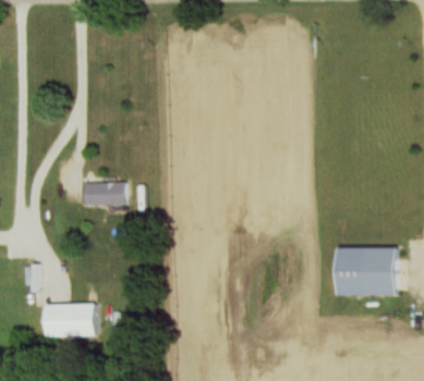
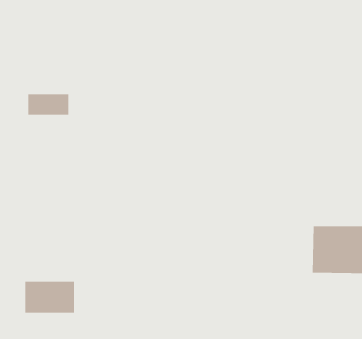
building: [82,182,124,204] -> [27,94,69,115]

